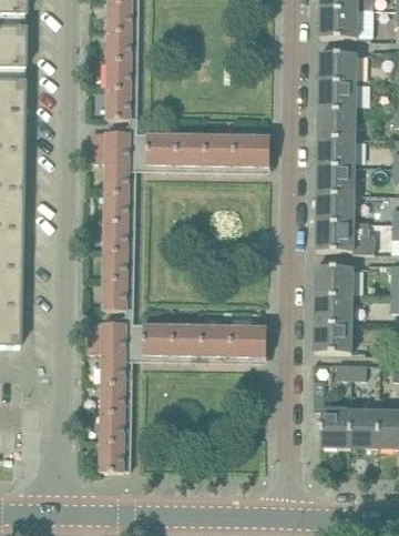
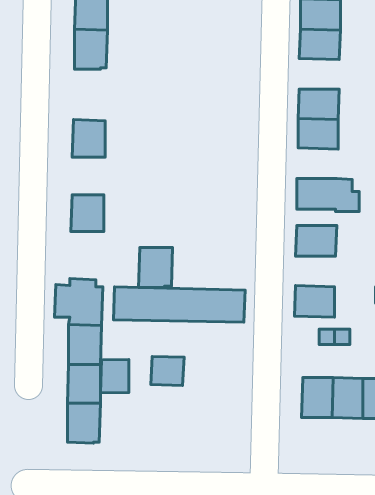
building: [318,109,356,138] -> none
building: [92,127,136,168] -> none
building: [146,134,270,166] -> none
building: [316,193,355,222] -> none
building: [104,202,135,237] -> none
building: [102,272,134,310] -> [138,247,173,287]
building: [315,295,352,324] -> none
building: none -> [151,356,184,385]
building: none -> [100,359,129,393]

